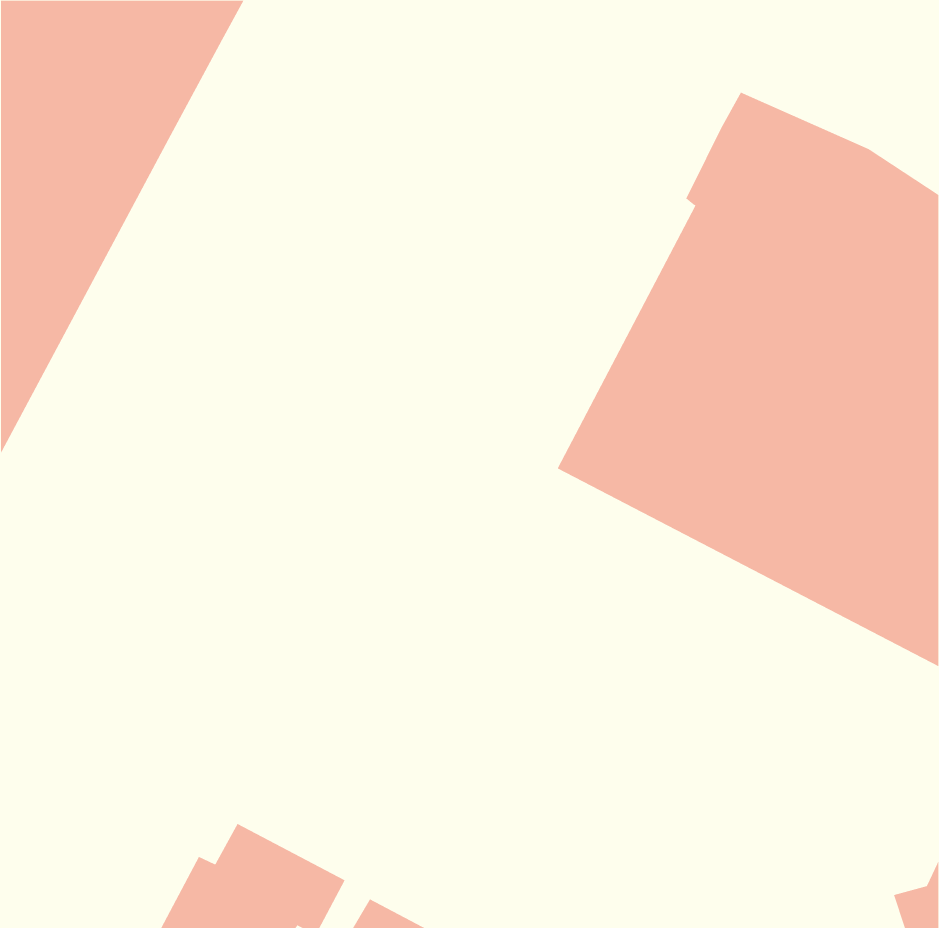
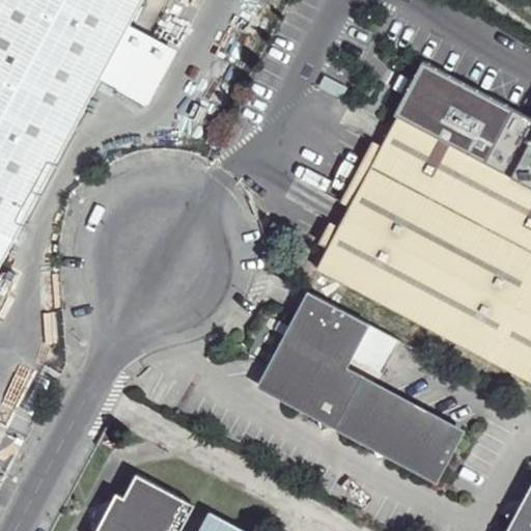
building: none -> [95,29,176,113]
building: none -> [258,290,468,485]

